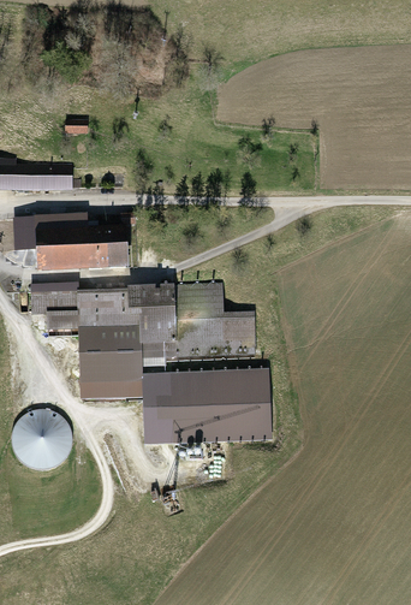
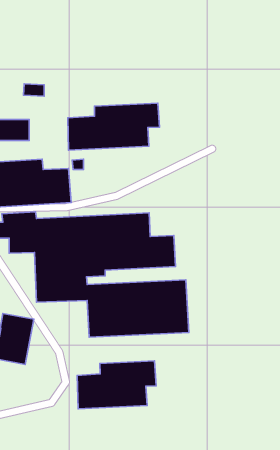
building: none -> [68,103,160,150]
building: none -> [77,361,156,409]

